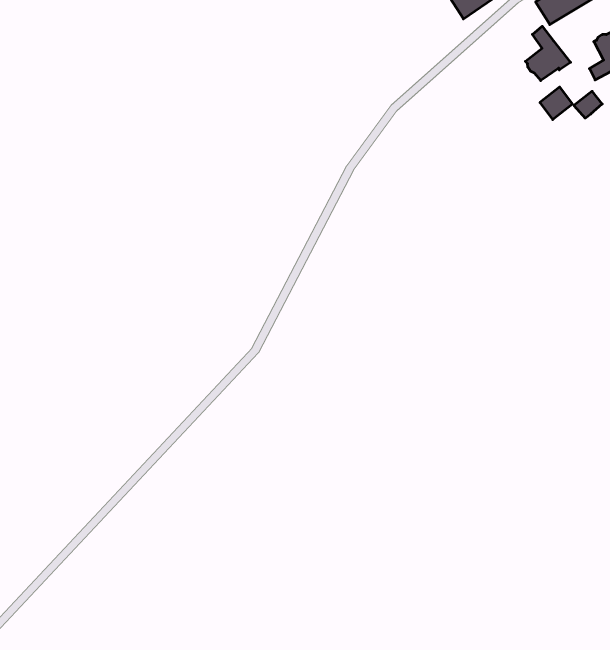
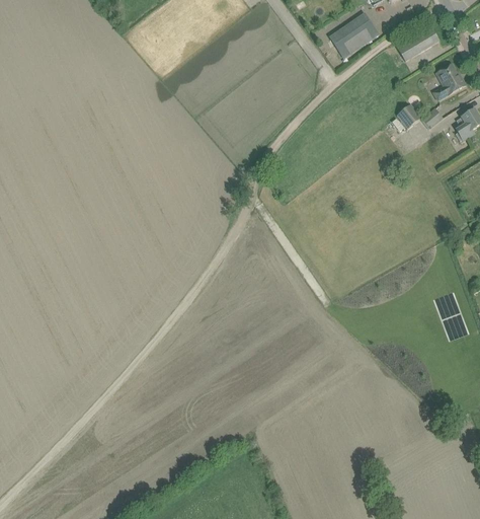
building: [525,26,571,81] -> none

